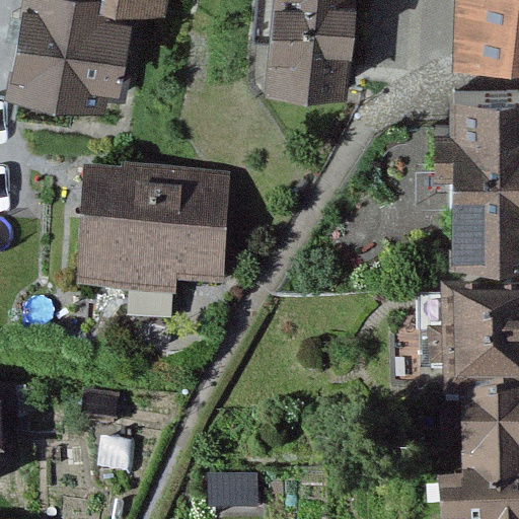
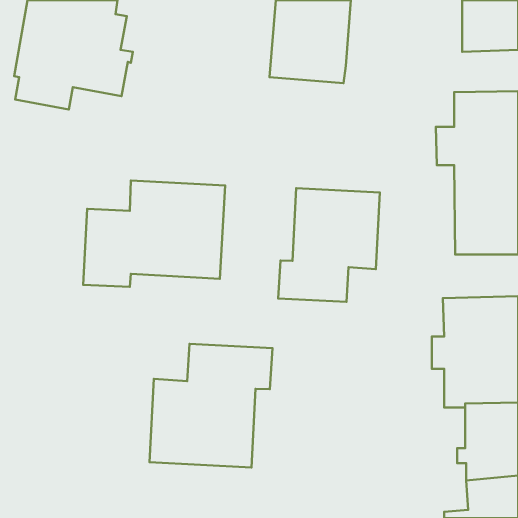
building: none -> [278,188,380,302]
building: none -> [150,344,273,467]

